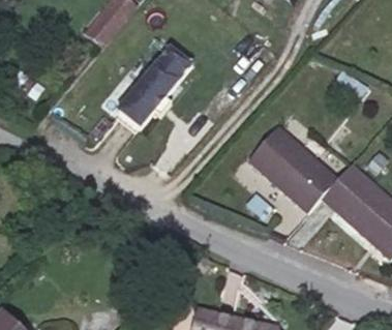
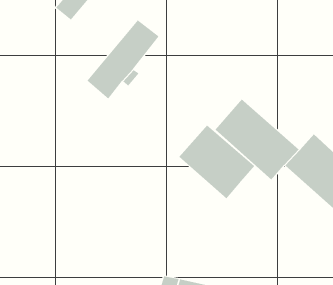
building: none -> [179,125,255,199]

